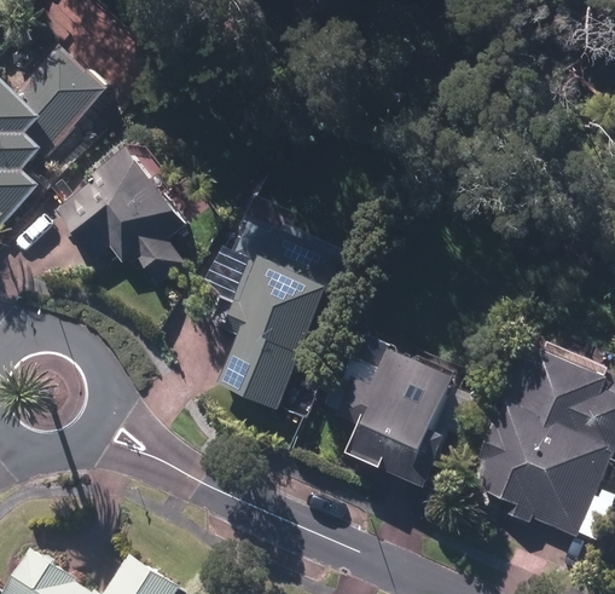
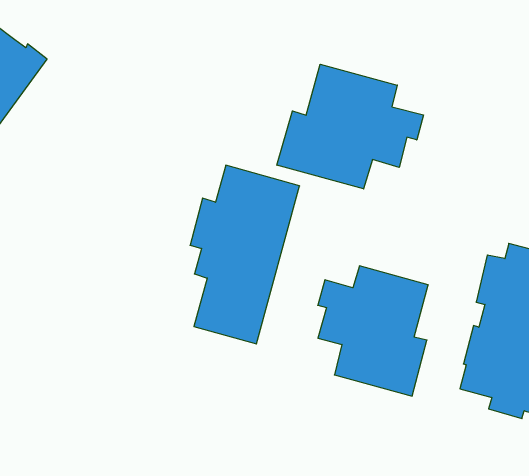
building: none -> [277,64,423,189]
building: [60,155,188,289] -> none

